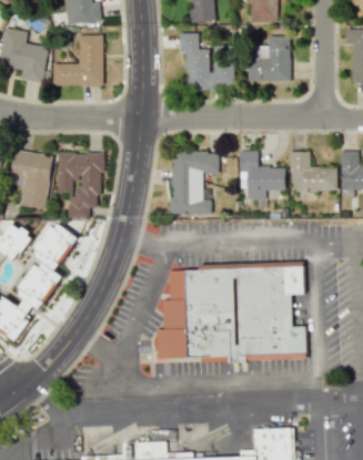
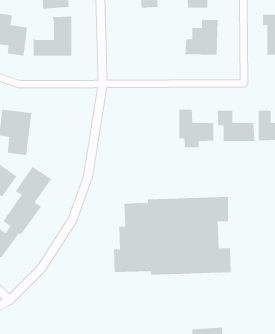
building: [179,33,233,90] -> none
building: [168,152,218,214] -> none
building: [57,153,101,217] -> none

